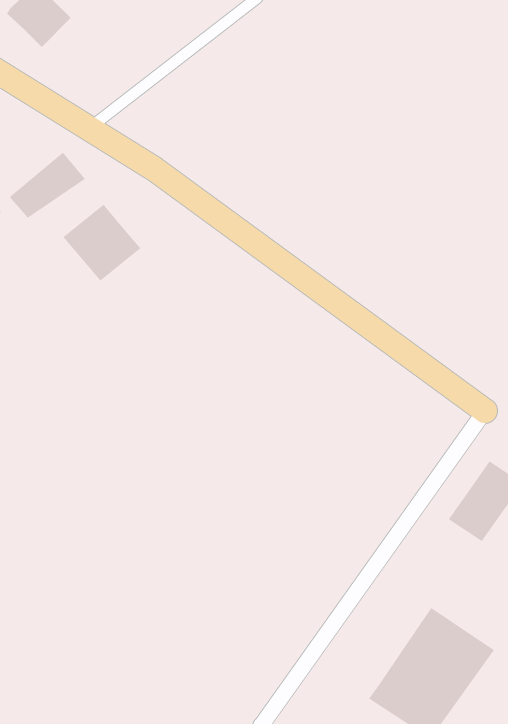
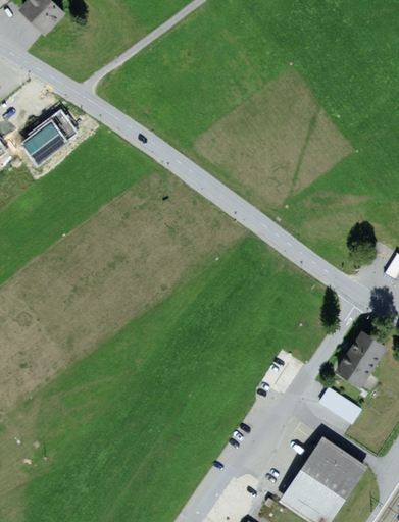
building: [63,204,141,282] -> none
building: none -> [319,386,361,423]

